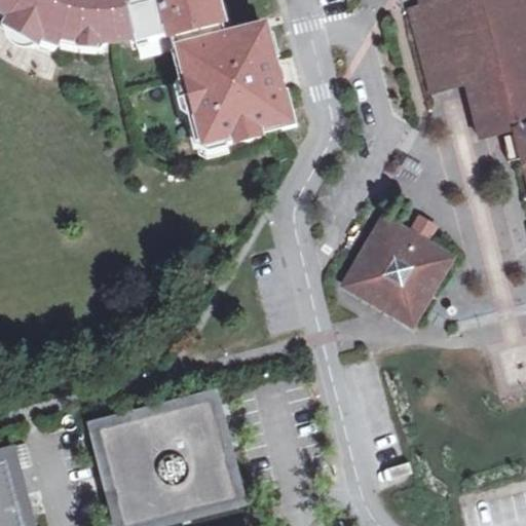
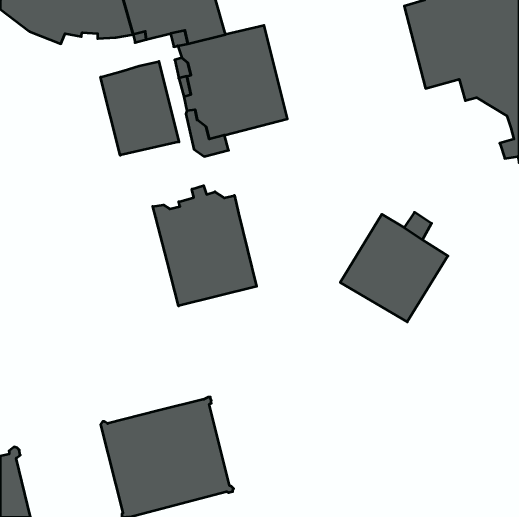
building: none -> [101,61,179,155]
building: [471,99,517,139] -> none
building: none -> [153,186,257,306]

